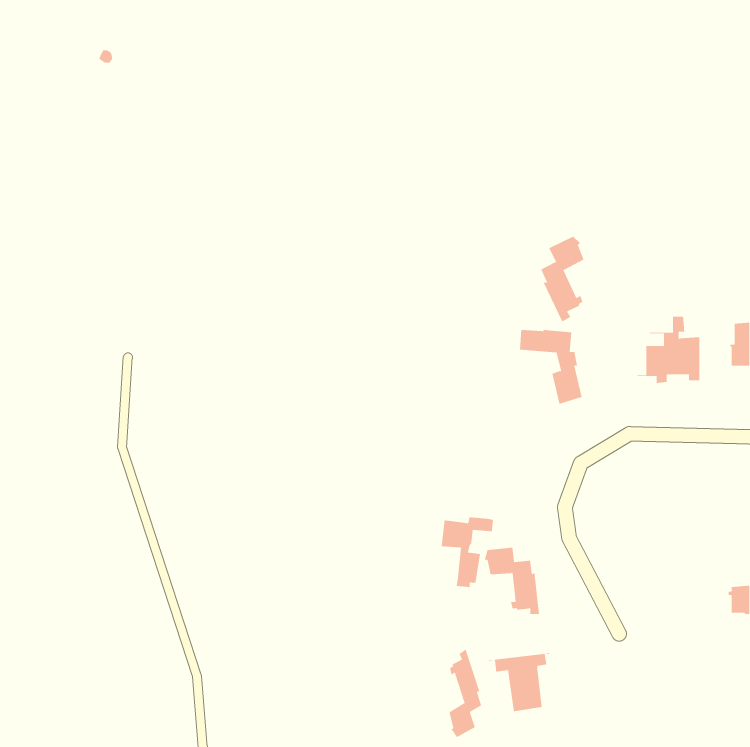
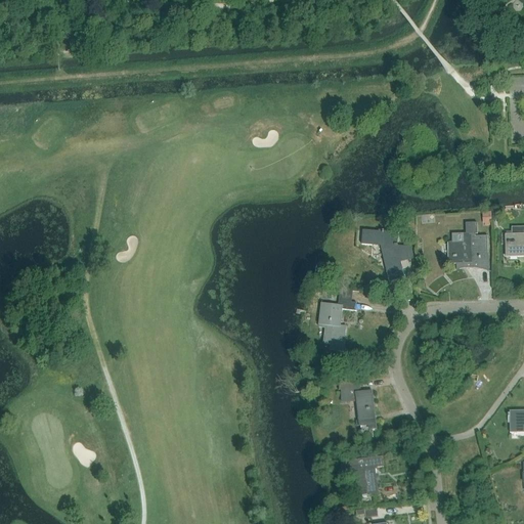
building: [540,236,584,323] -> none
building: [441,517,494,588] -> [318,300,355,349]
building: [449,648,482,738] -> none

